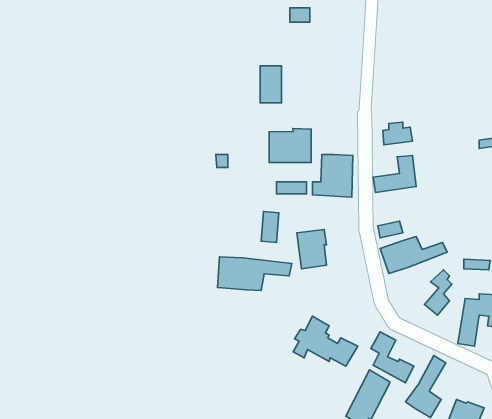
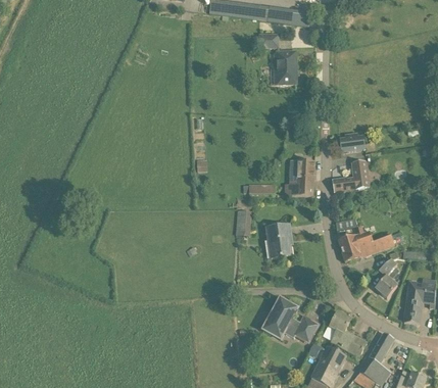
building: [260,66,281,103] -> [277,51,295,83]
building: [269,129,311,163] -> none
building: [217,257,292,290] -> none

